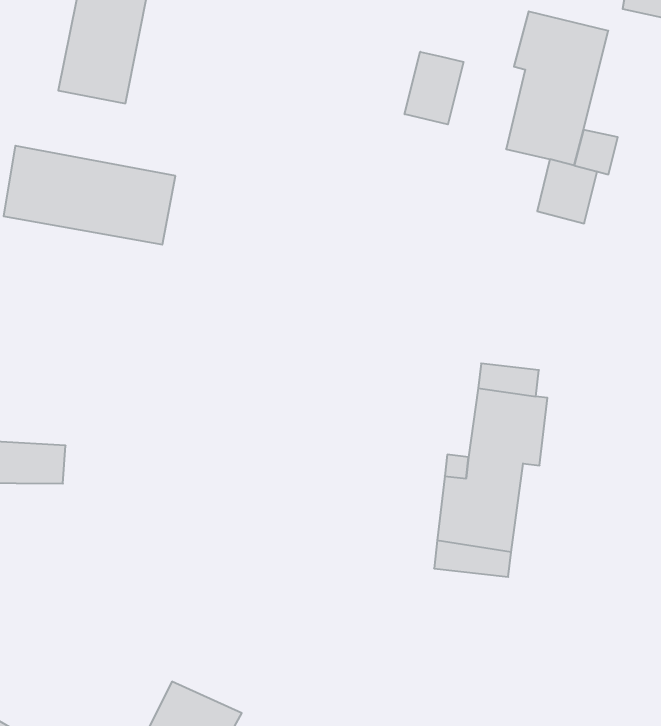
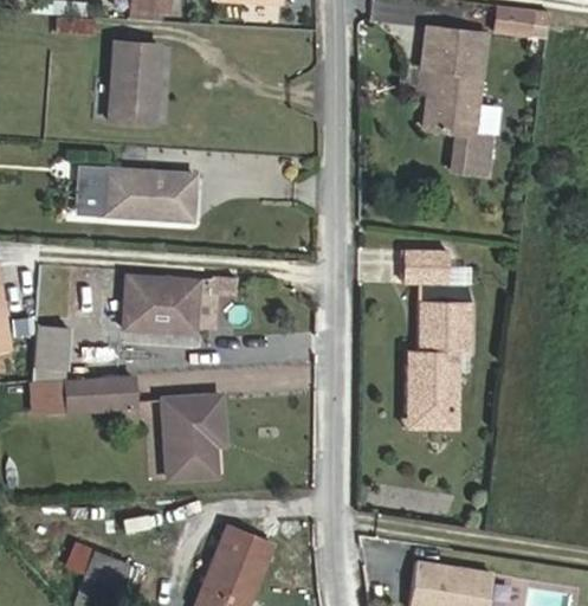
building: [405,52,464,124] -> none
building: none -> [117,271,201,331]
building: none -> [407,250,448,282]
building: none -> [170,393,228,477]

